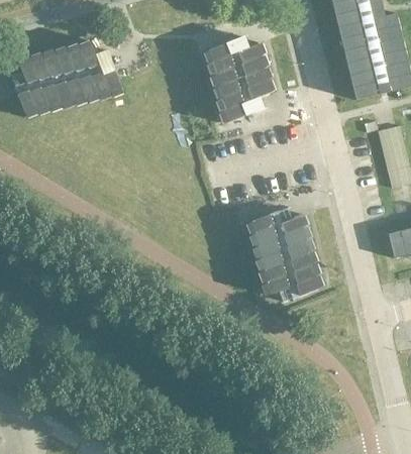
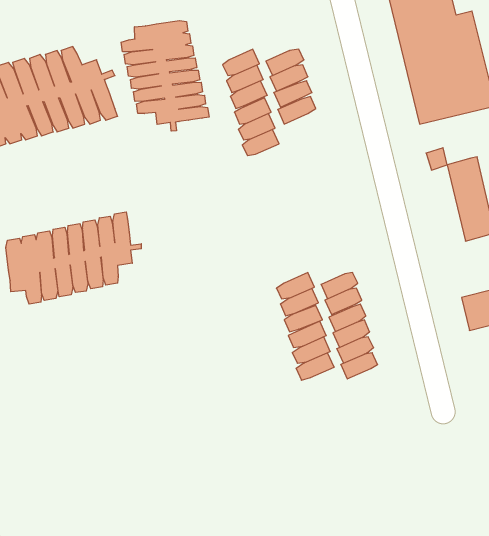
building: none -> [121,21,209,131]
building: none -> [6,212,141,304]

